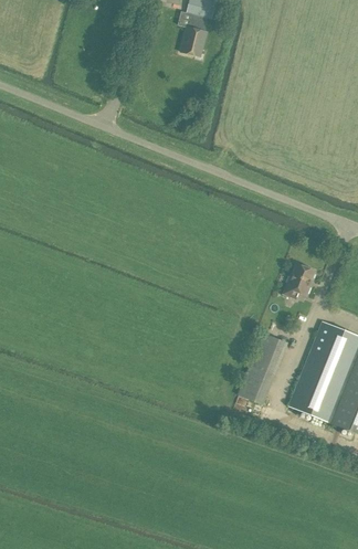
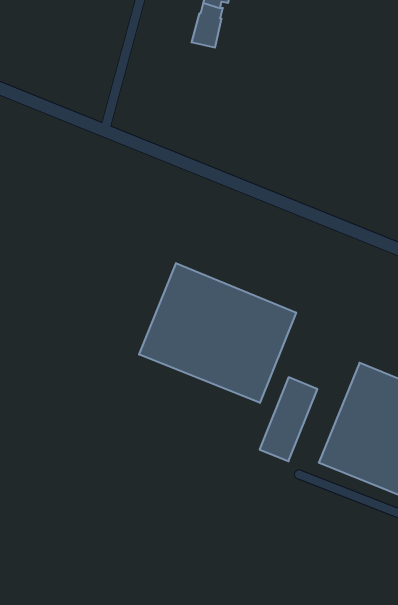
building: none -> [139,263,296,403]
building: [281,262,314,297] -> none

